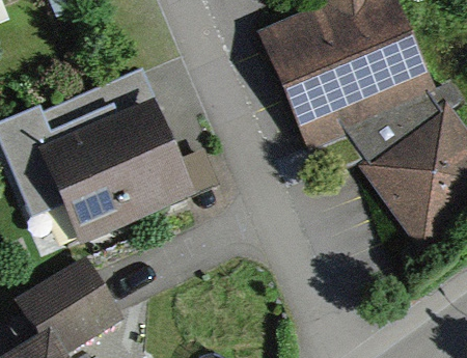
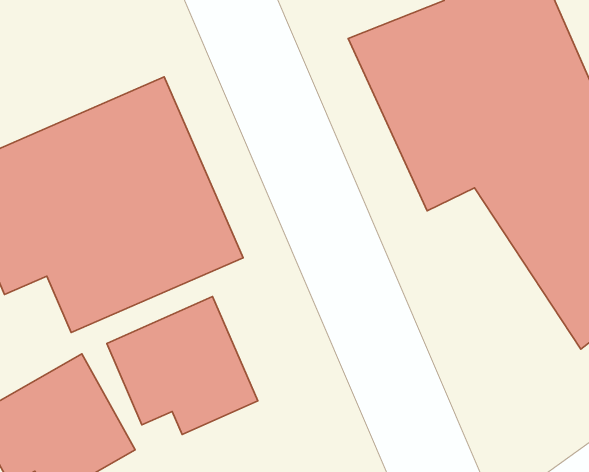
building: none -> [107,296,258,434]

